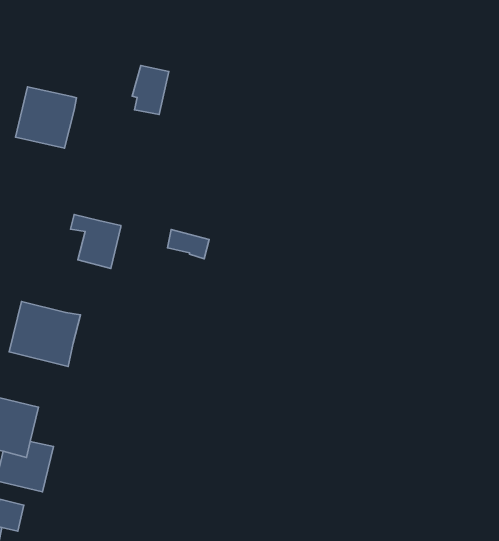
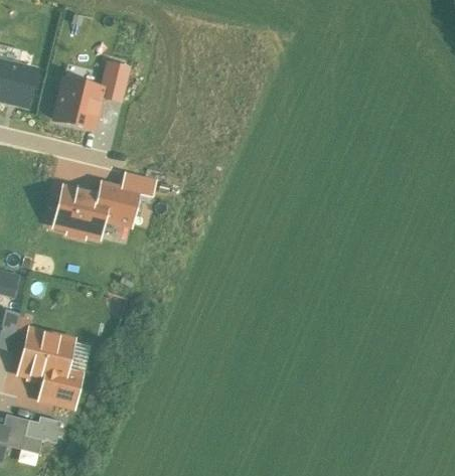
building: [132,66,169,115] -> [99,59,129,100]
building: [167,230,209,259] -> [121,171,155,195]
building: [9,301,80,366] -> [51,184,110,237]

